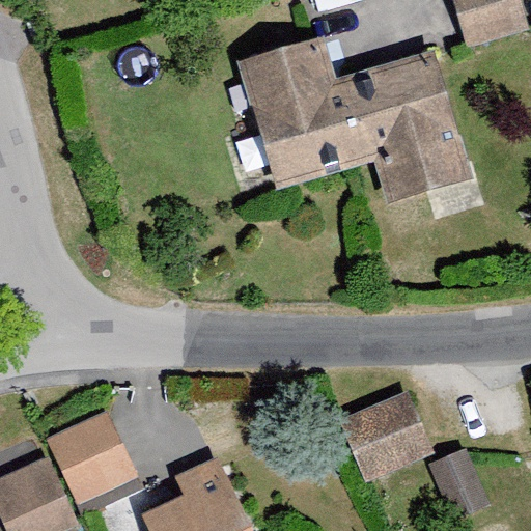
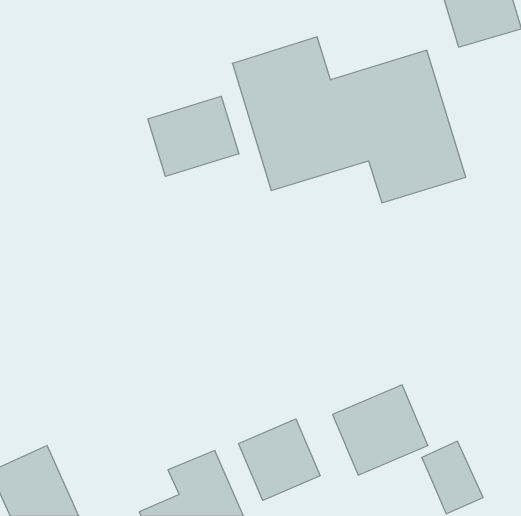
building: none -> [148,96,239,176]
building: [46,410,138,503] -> none
building: none -> [239,419,320,500]

